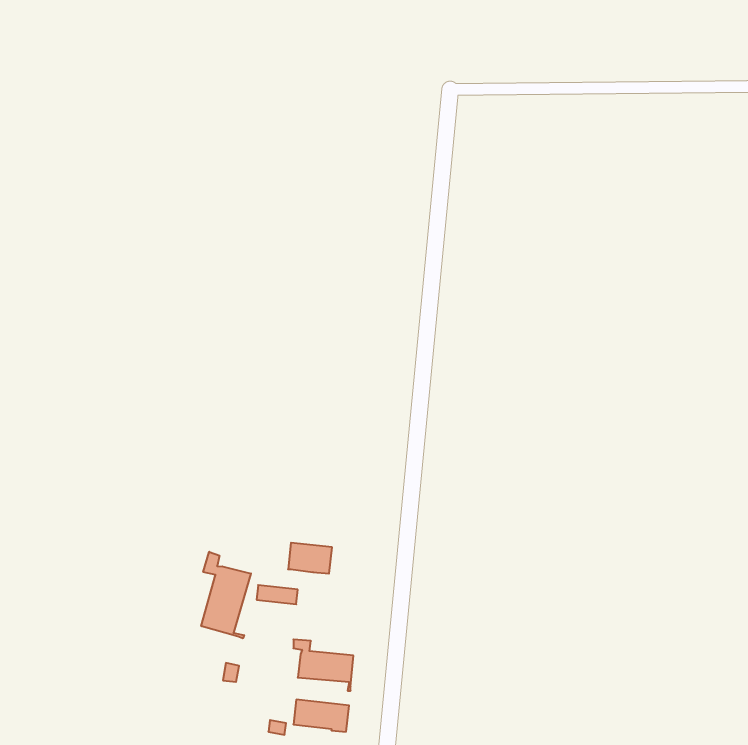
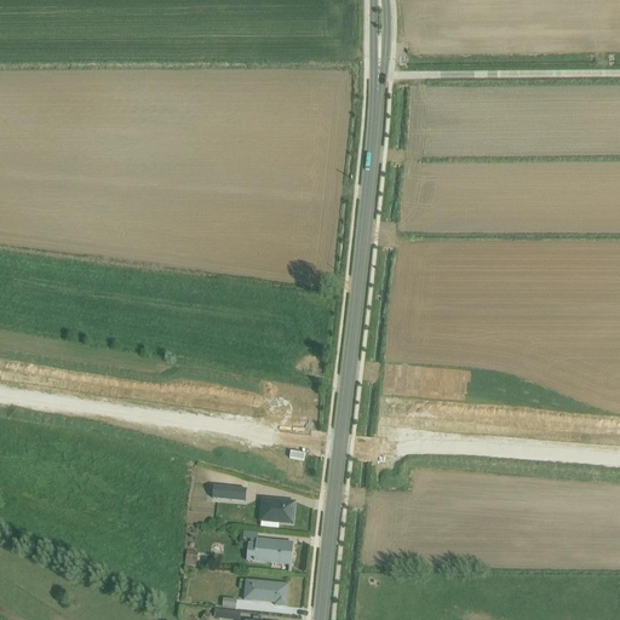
building: [288,543,332,574] -> [258,496,294,522]
building: [201,552,251,638] -> none

